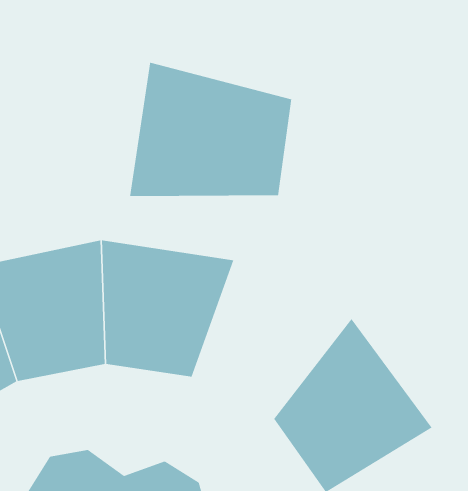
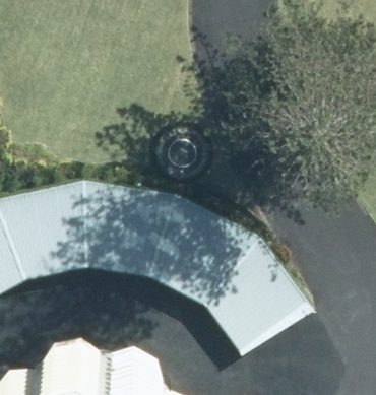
building: [129,62,292,197] -> none
building: none -> [147,196,259,308]

